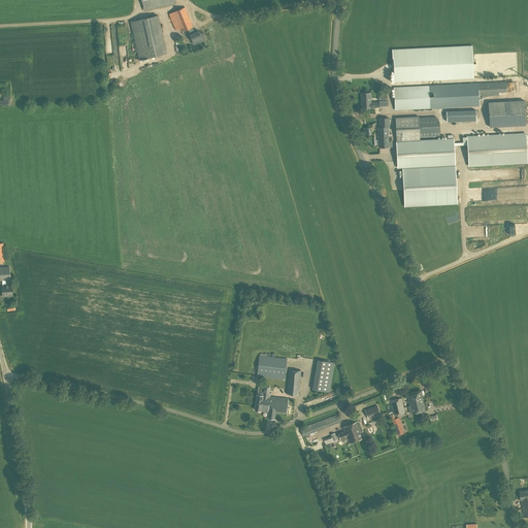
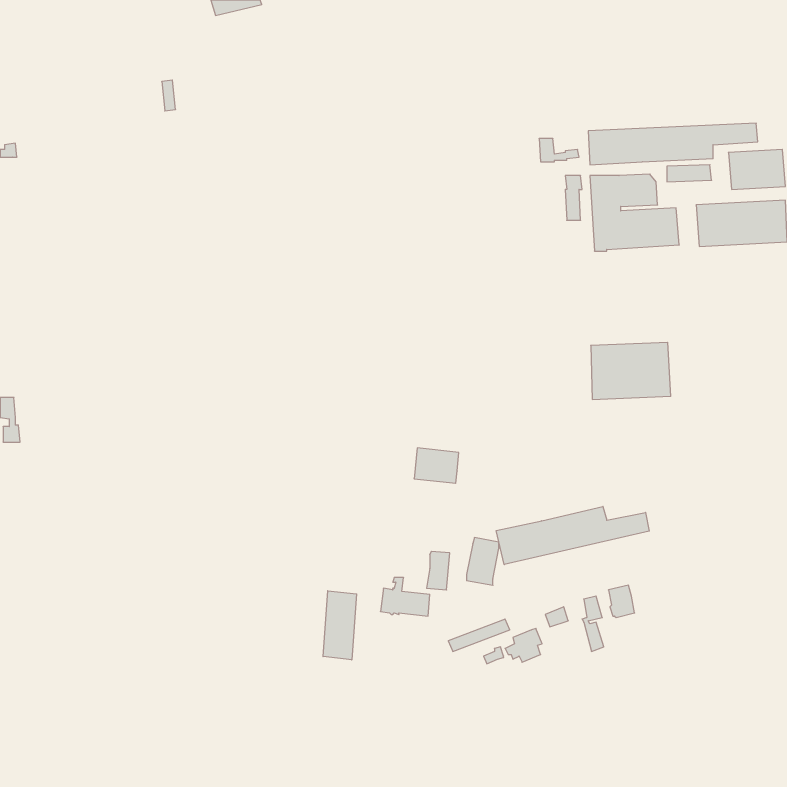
building: [169,8,205,44] -> none
building: [131,15,167,60] -> none
building: [392,45,473,82] -> none
building: [403,167,457,205] -> [591,342,671,399]
building: none -> [496,506,649,565]
building: [257,356,287,380] -> [414,448,459,483]
building: none -> [323,591,357,660]

